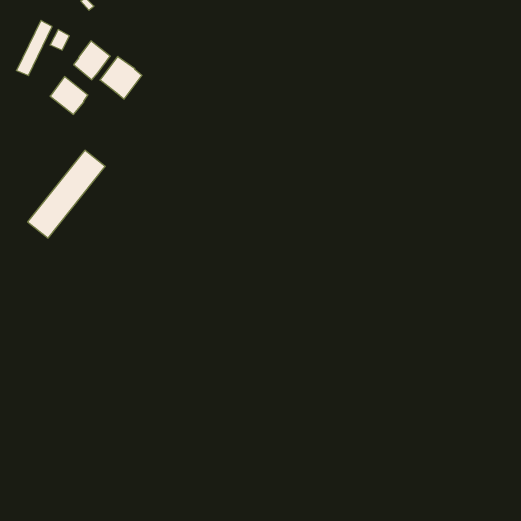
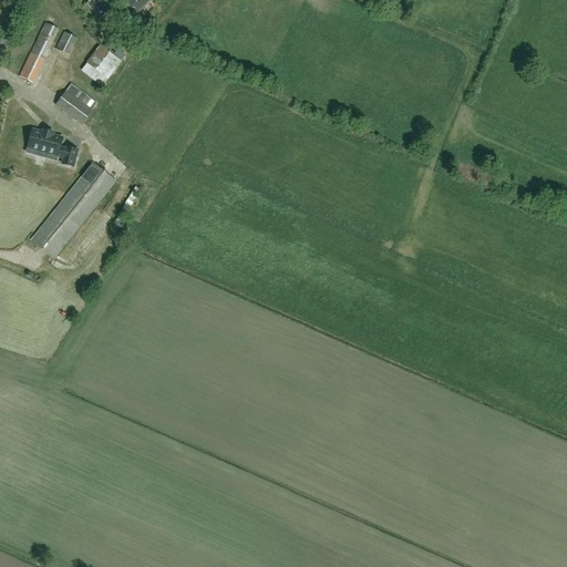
building: [100,56,142,99] -> none
building: none -> [25,130,76,166]

